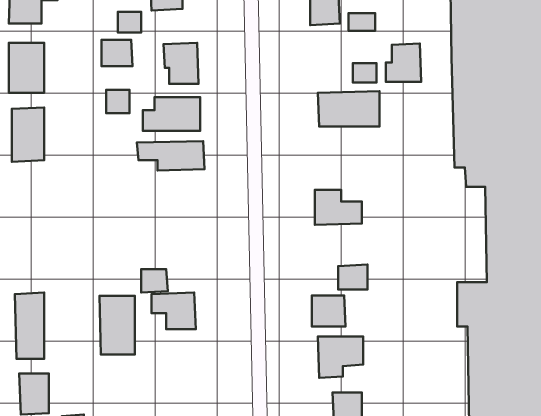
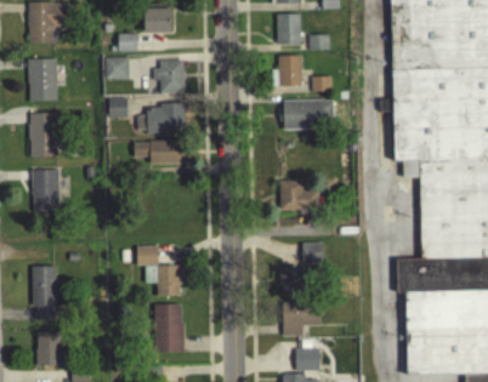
building: [386,44,421,82] -> [273,55,302,86]
building: none -> [33,170,61,212]
building: [99,296,135,354] -> [154,304,183,353]

